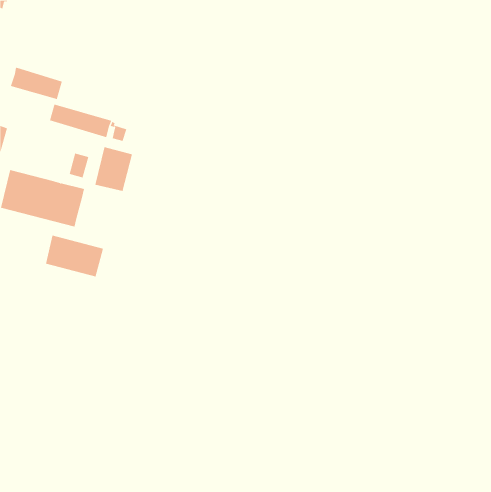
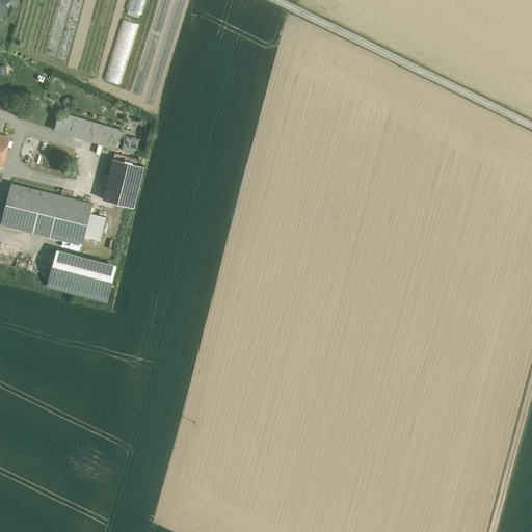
building: [10,67,63,100] -> none
building: [69,153,89,178] -> [83,213,105,240]

